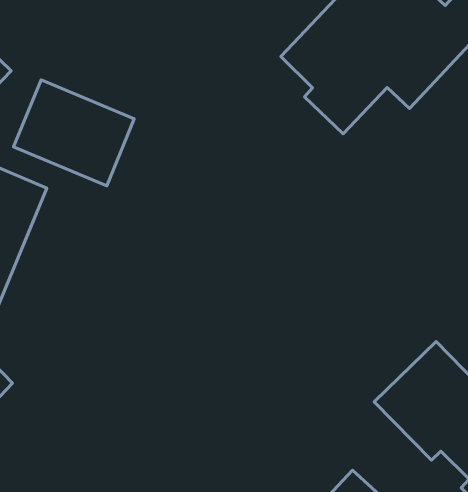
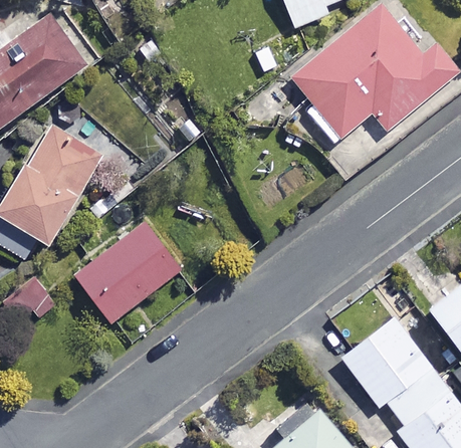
building: [14,80,134,186] -> none
building: none -> [77,223,181,323]

